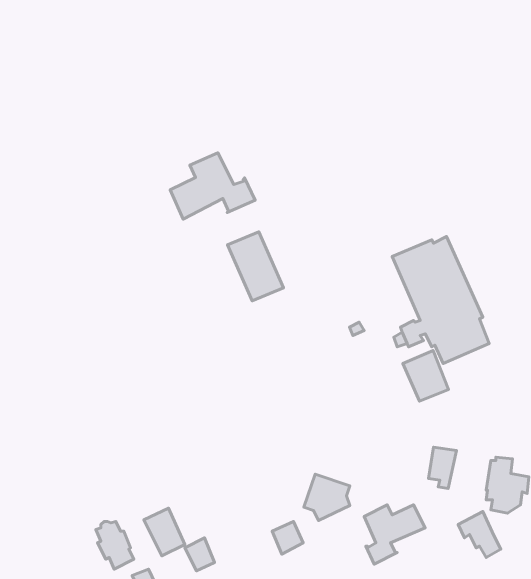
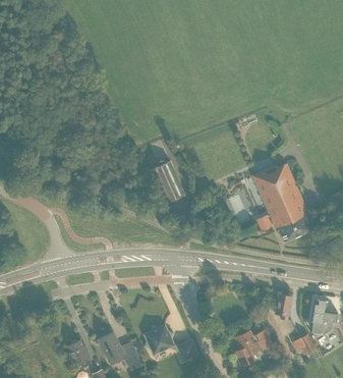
building: [170,153,255,219] -> none
building: [403,350,448,401] -> none
building: [304,474,350,520] -> [146,325,174,354]

